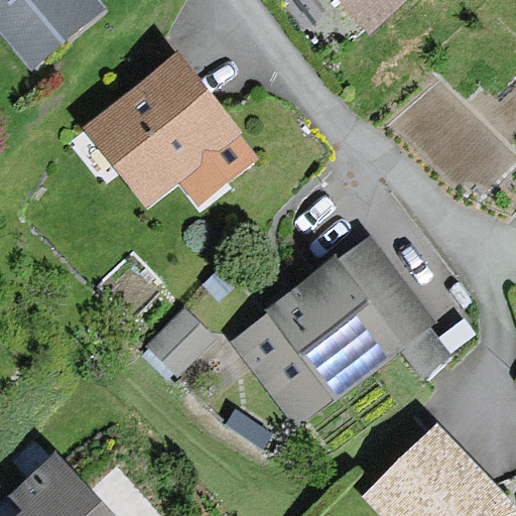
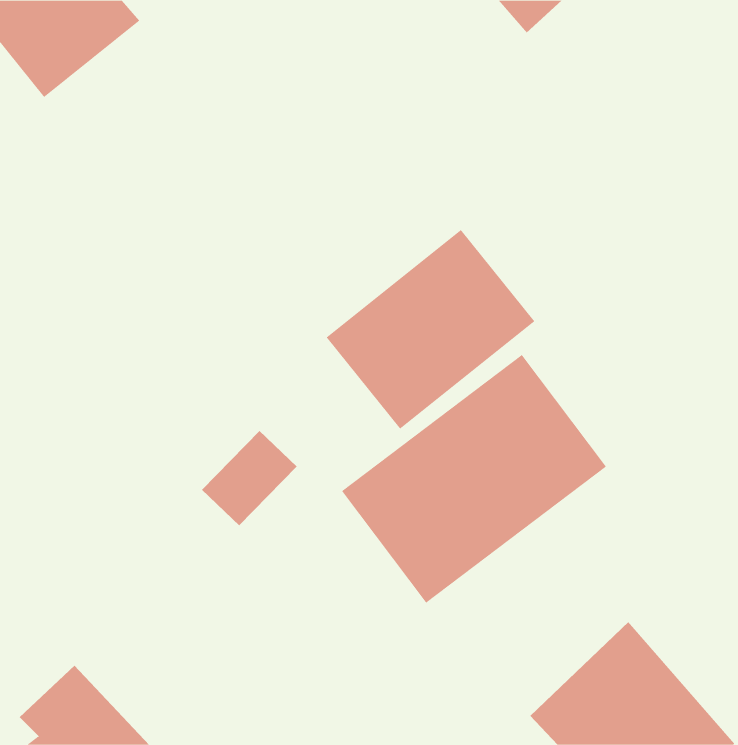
building: [89,60,251,200] -> none
building: none -> [326,229,535,430]

